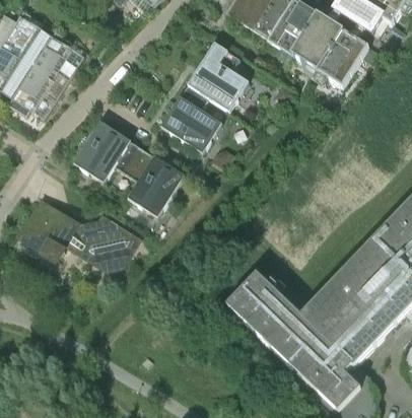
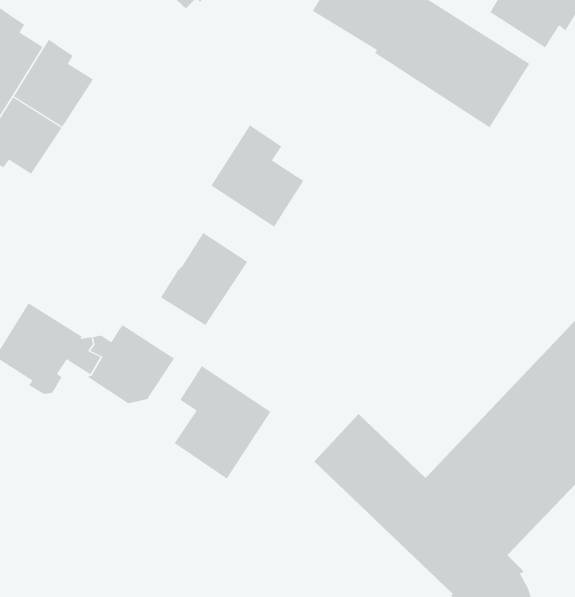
building: [186,41,249,110] -> none
building: [73,120,155,181] -> none
building: none -> [174,365,271,479]

